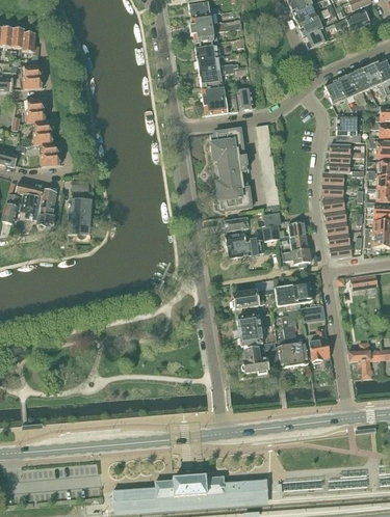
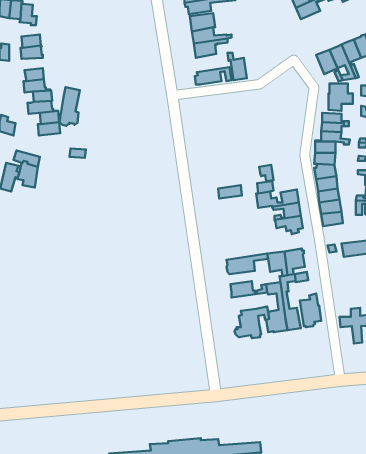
building: [201,83,235,102] -> none
building: [210,128,251,211] -> none
building: [35,188,56,227] -> [59,87,80,126]
building: [68,198,90,235] -> none
building: [222,233,263,256] -> none
building: [237,326,275,346] -> none

